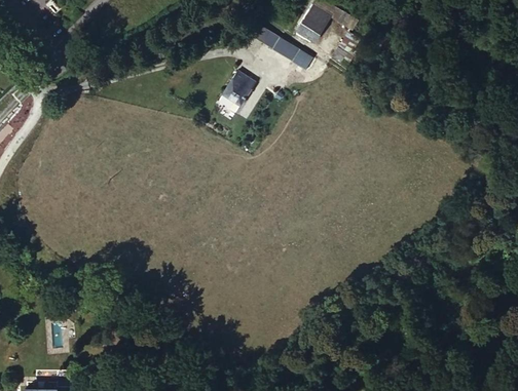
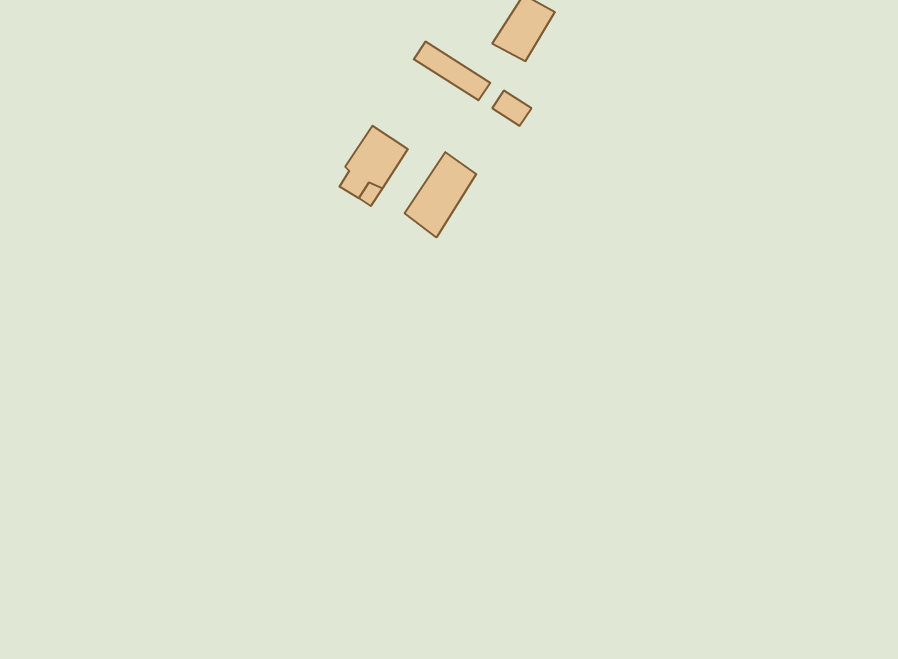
building: none -> [405,152,476,237]

